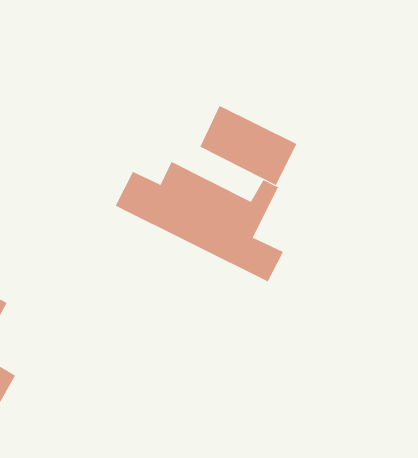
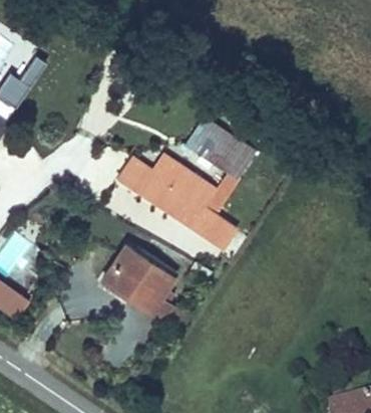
building: none -> [97,235,178,309]

